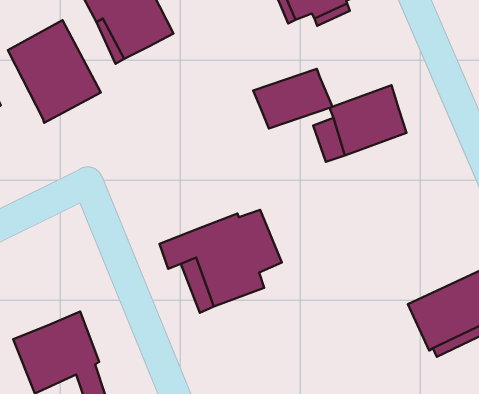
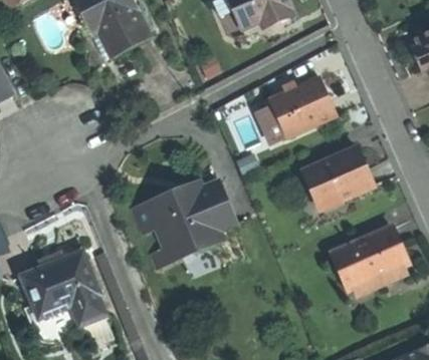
building: [8,20,101,123] -> none
building: [253,69,333,129] -> none
building: none -> [306,142,375,204]

